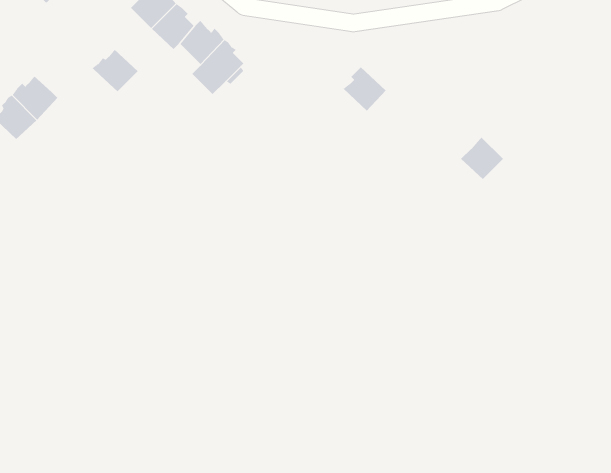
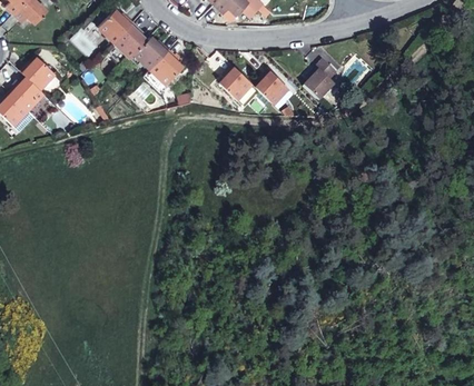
building: [92,49,138,92] -> [21,57,56,89]
building: none -> [219,66,253,99]
building: [460,136,504,180] -> [303,69,335,101]

